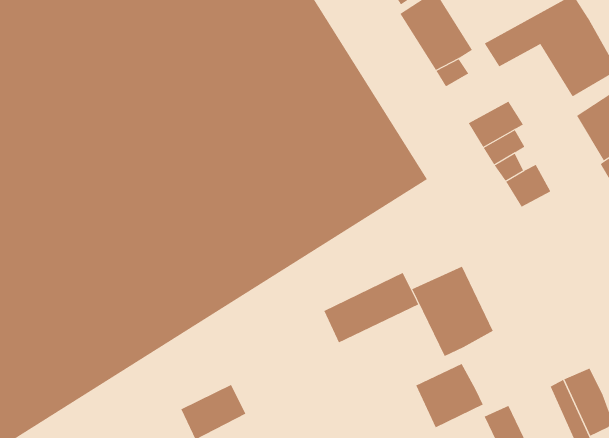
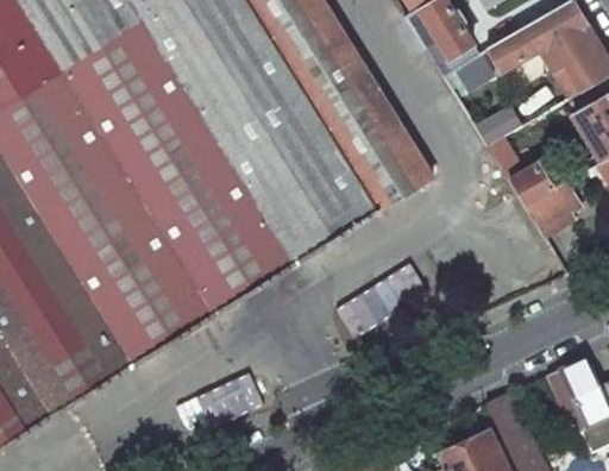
building: none -> [522,178,578,234]
building: [412,266,494,357] -> none
building: [416,363,484,428] -> none

